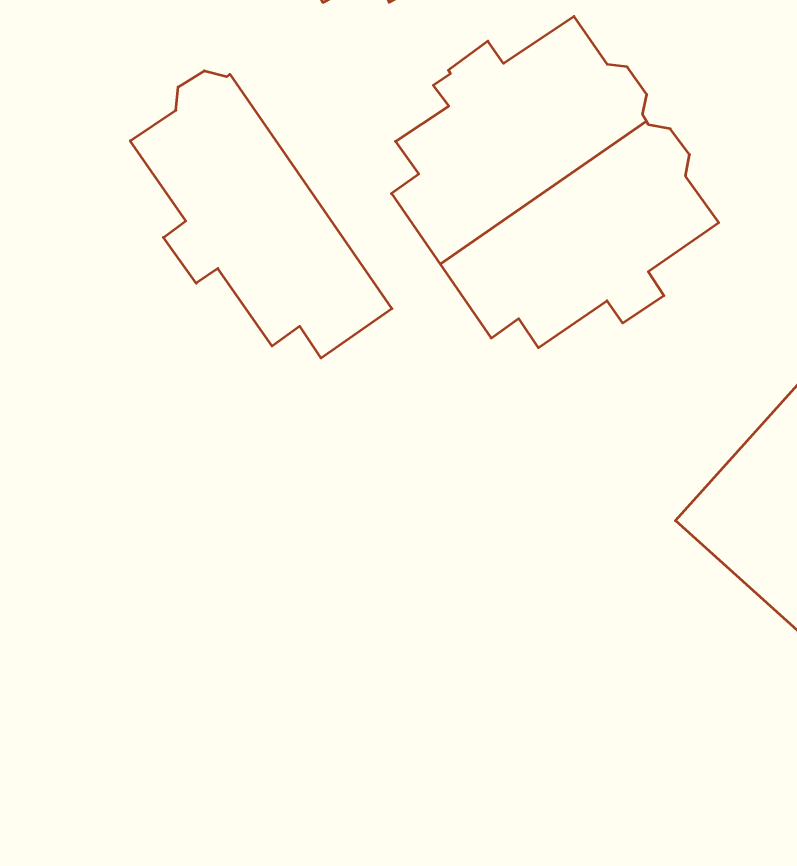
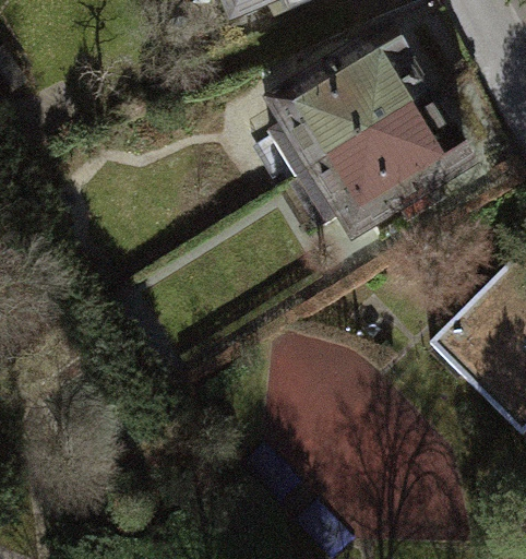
building: [130,71,392,358] -> none

